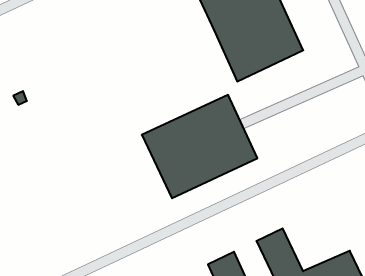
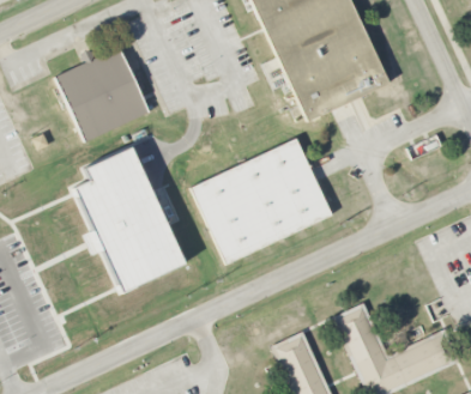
building: none -> [54,46,149,143]
building: none -> [73,146,185,296]

